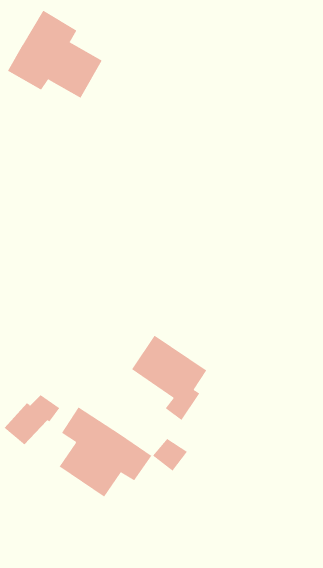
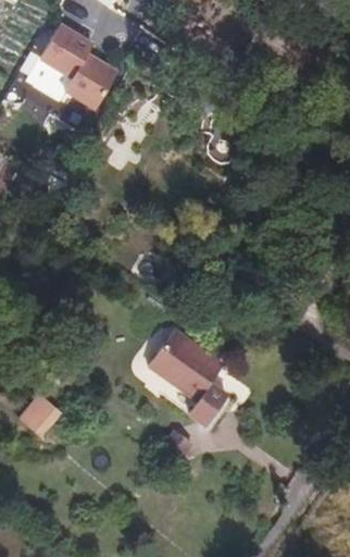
building: none -> [189,380,234,431]
building: [59,406,152,497] -> none

